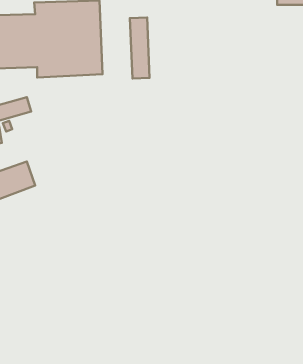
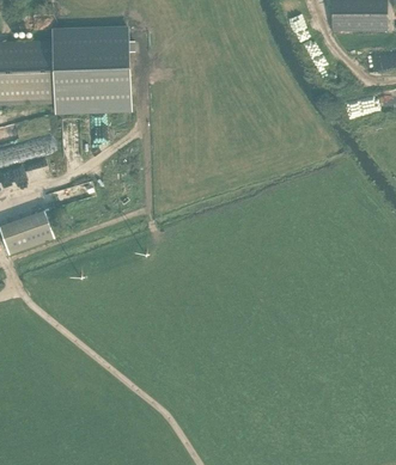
building: [130,17,150,78] -> none

